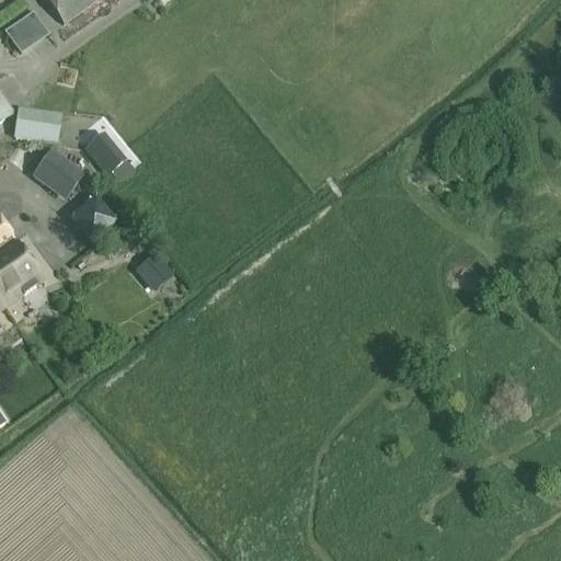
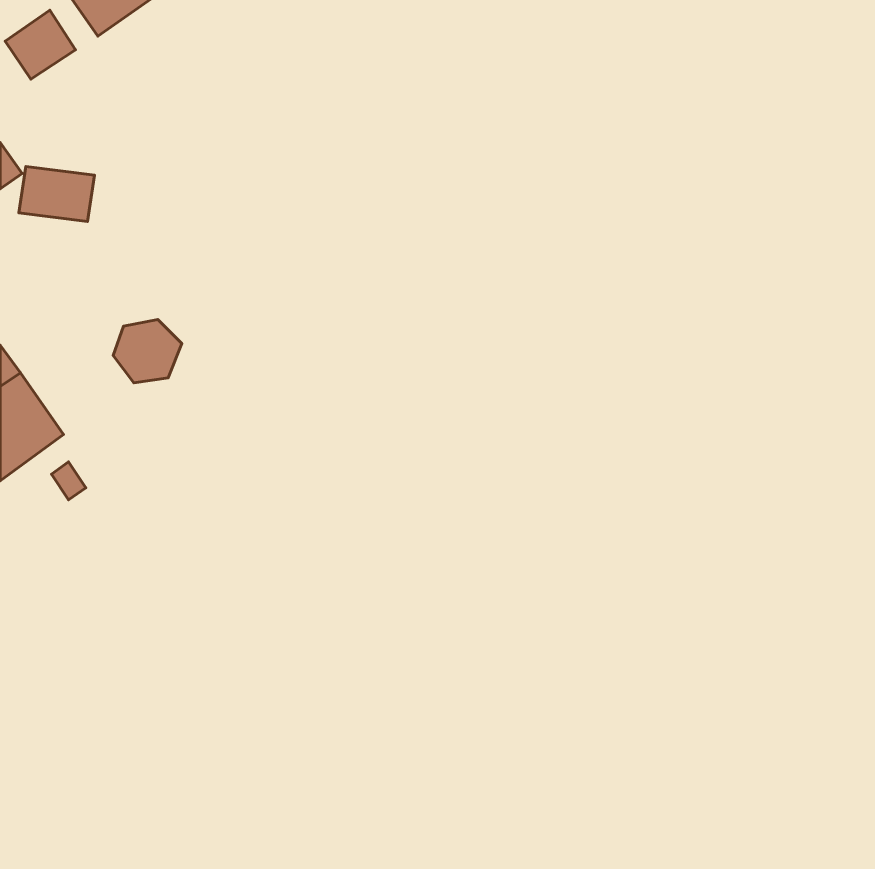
building: [87,134,127,174] -> none
building: [34,150,83,198] -> none
building: [136,252,174,290] -> none

